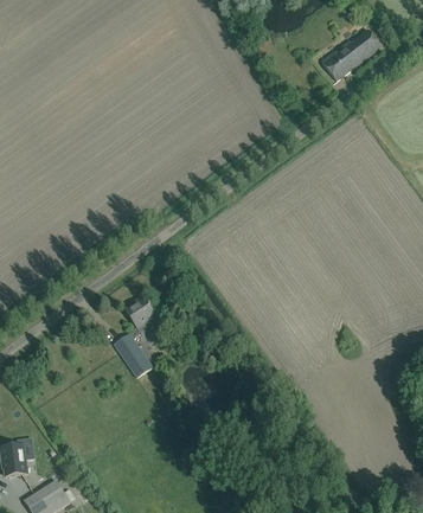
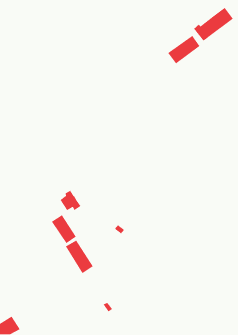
building: none -> [167,35,201,65]
building: none -> [65,239,94,274]

